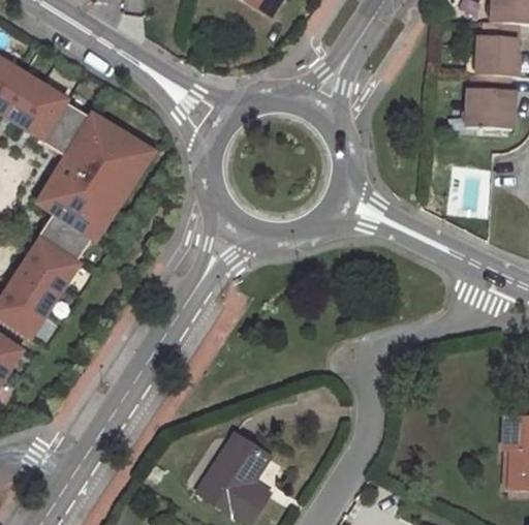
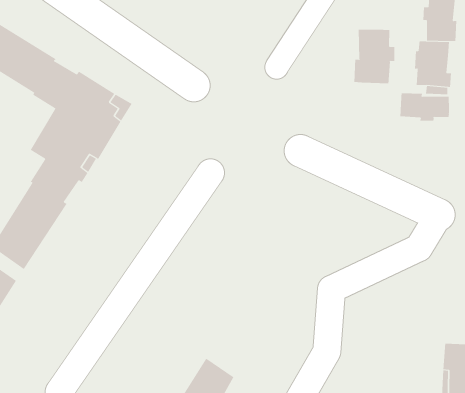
building: none -> [354,29,395,84]
building: none -> [400,92,450,121]

